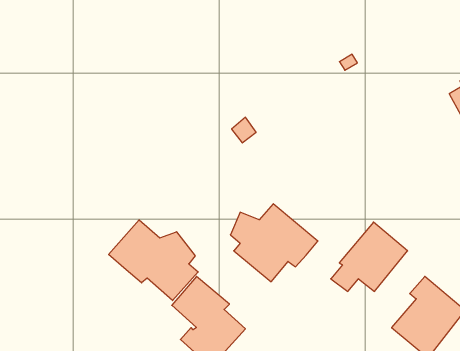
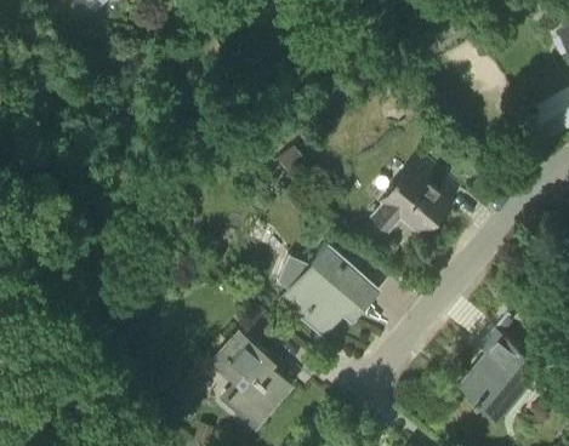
building: [109,220,198,301] -> none
building: [331,222,408,291] -> [369,156,456,235]

